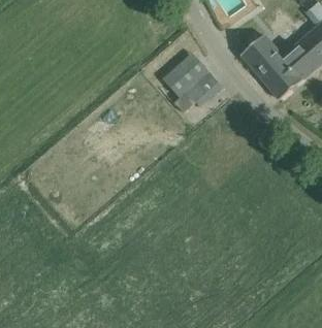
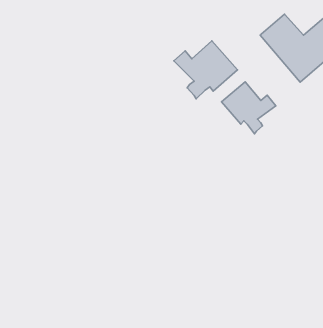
building: none -> [221,82,276,134]

